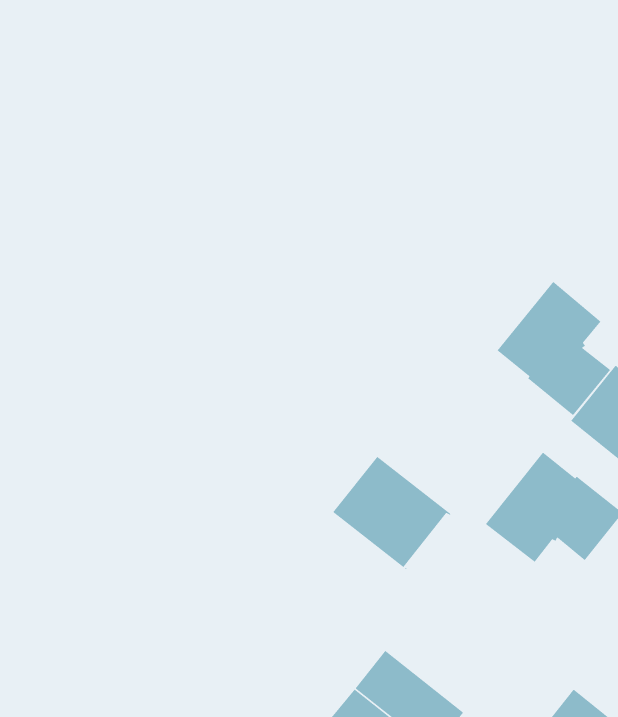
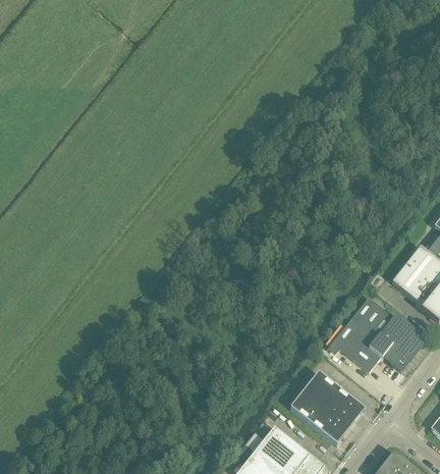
building: [496,281,611,416] -> none
building: [332,456,451,570] -> [289,371,365,443]

